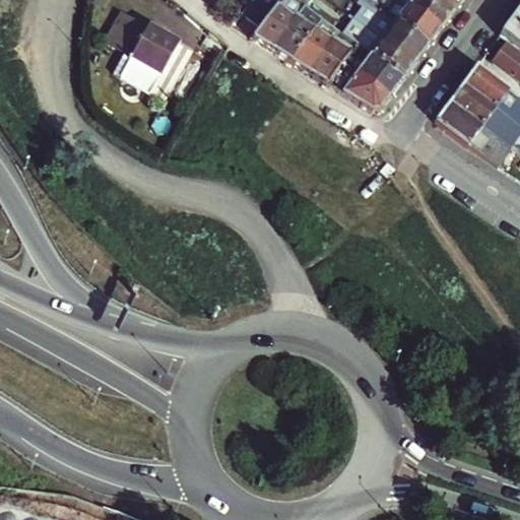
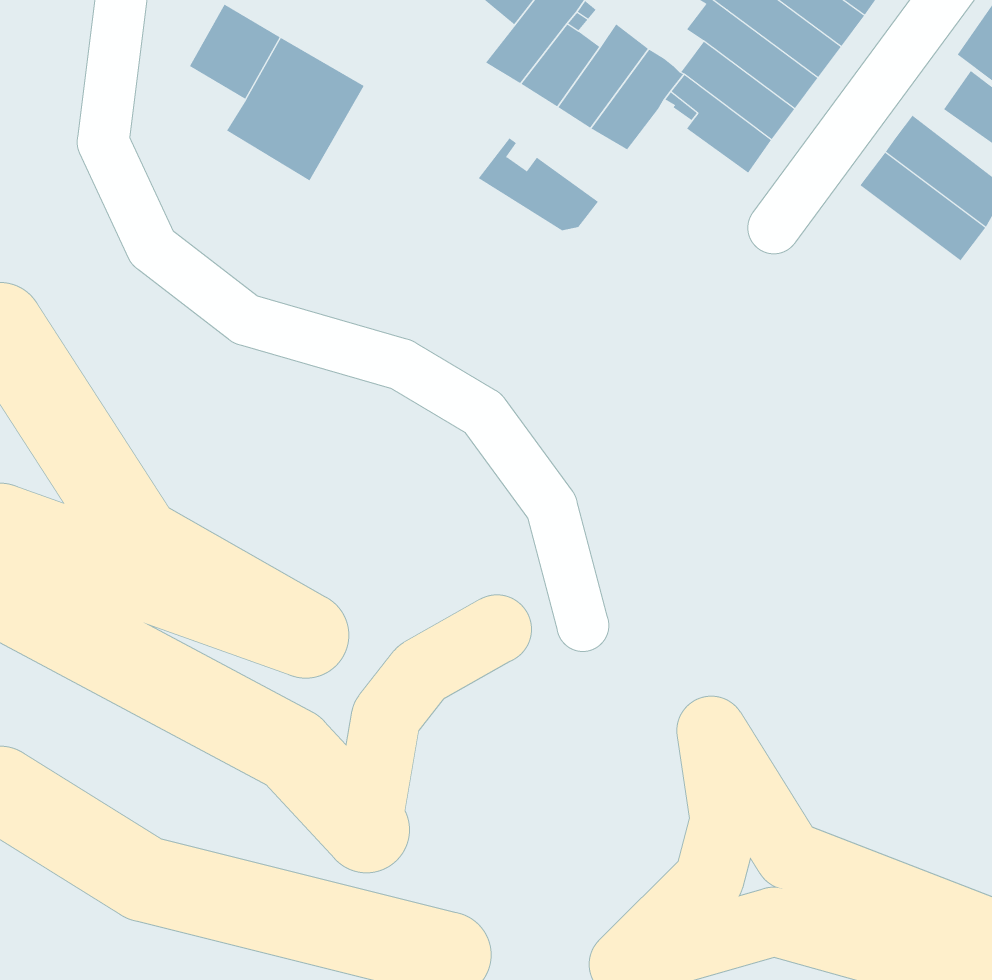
building: [329,57,392,106] -> [478,137,599,231]
building: [437,96,509,158] -> none

